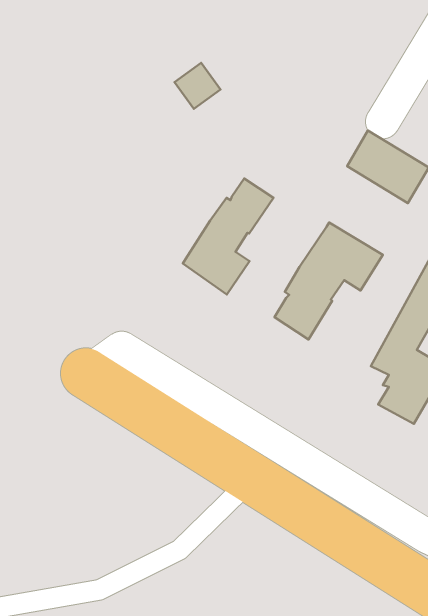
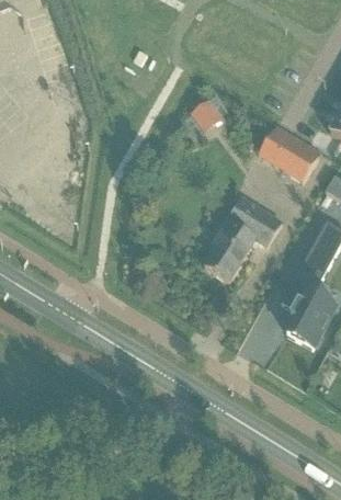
building: [175,63,221,109] -> [189,96,223,130]
building: [183,179,274,294] -> none

